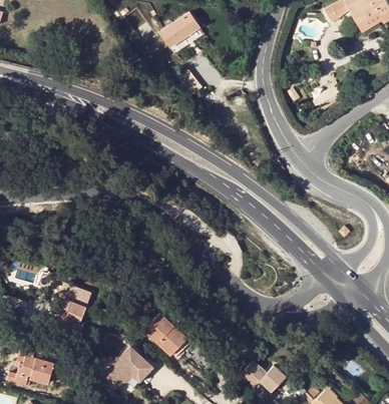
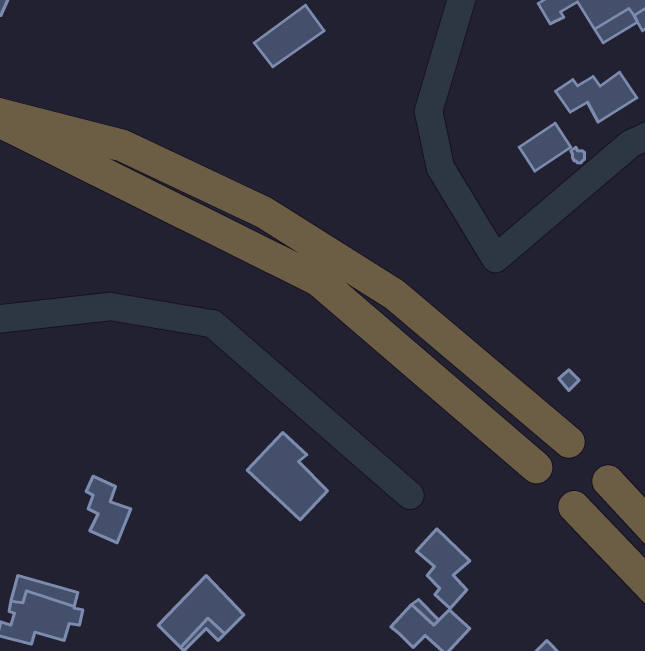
building: none -> [555,72,637,122]
building: [143,308,190,359] -> [247,433,327,520]
building: none -> [416,529,470,609]

